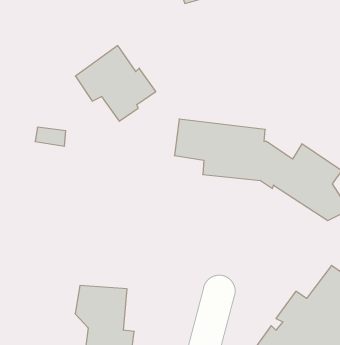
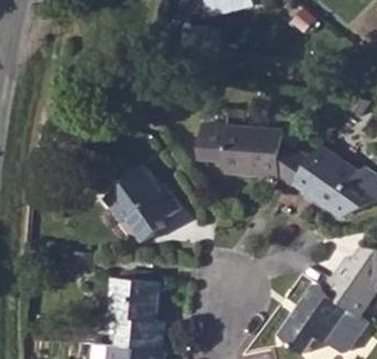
building: [75,46,156,121] -> [103,170,179,241]

